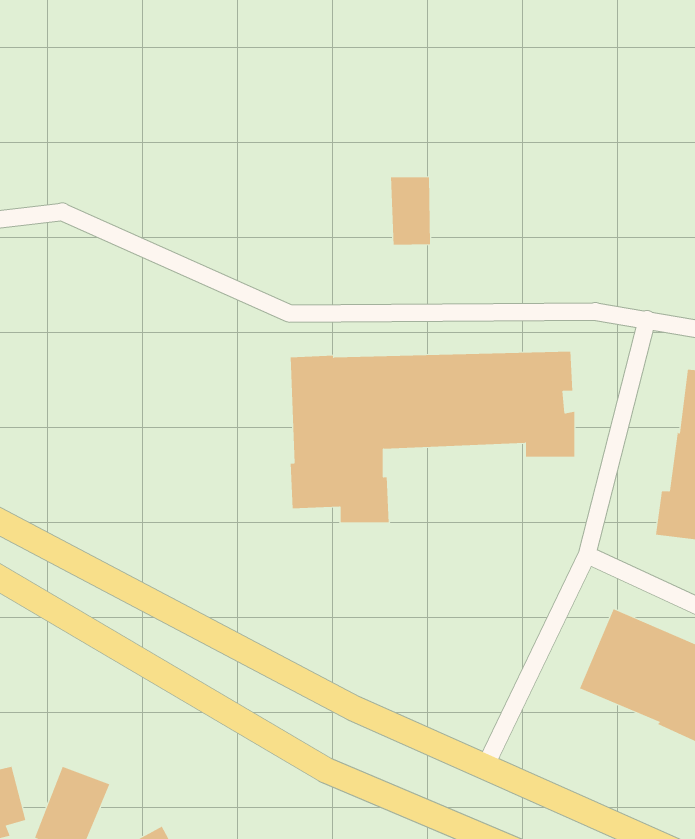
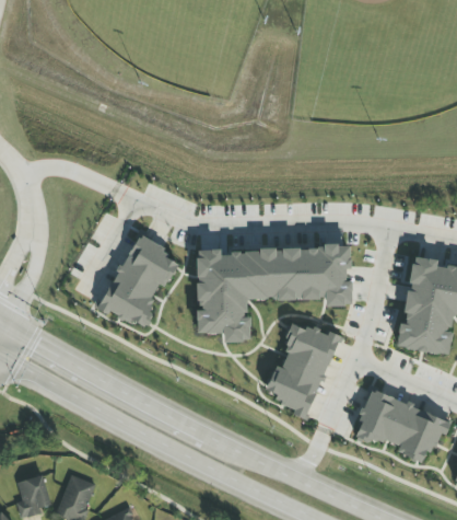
building: [391,177,430,245] -> none
building: none -> [98,233,178,327]
building: none -> [262,323,340,415]

